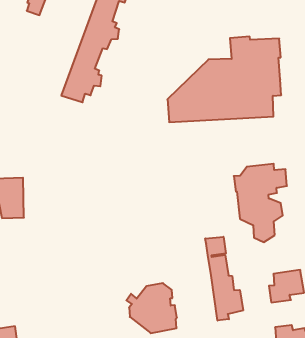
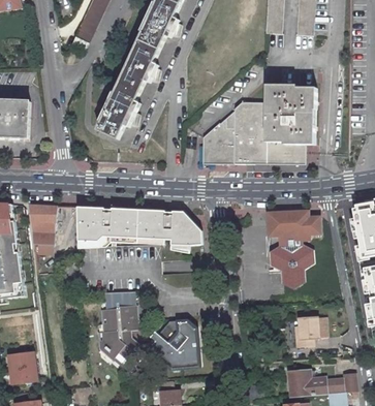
building: none -> [75,209,201,247]
building: [205,237,243,321] -> none
building: none -> [99,292,142,355]

